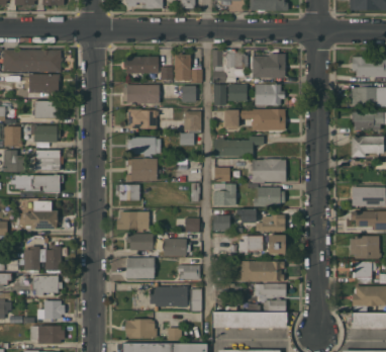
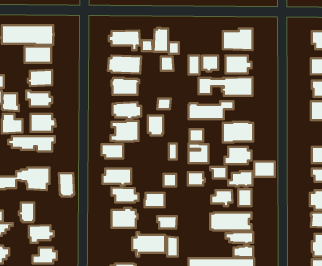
building: [212,50,248,82] -> none
building: [184,110,201,133] -> [148,116,163,135]
building: none -> [254,162,275,177]
building: [44,246,62,272] -> [59,173,74,196]

